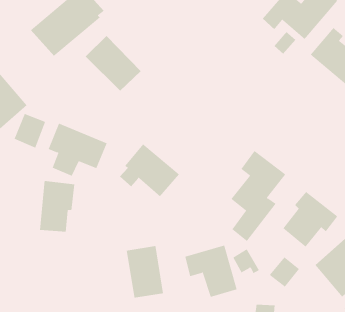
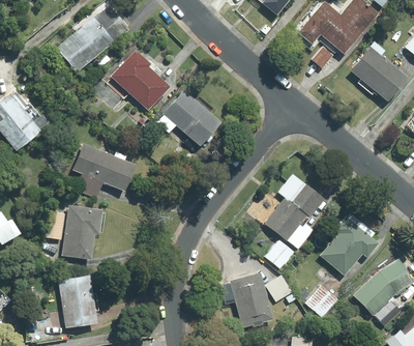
building: [14,113,46,149] -> none
building: [119,143,180,197] -> [156,88,220,145]
building: [126,246,164,298] -> [57,273,97,329]

